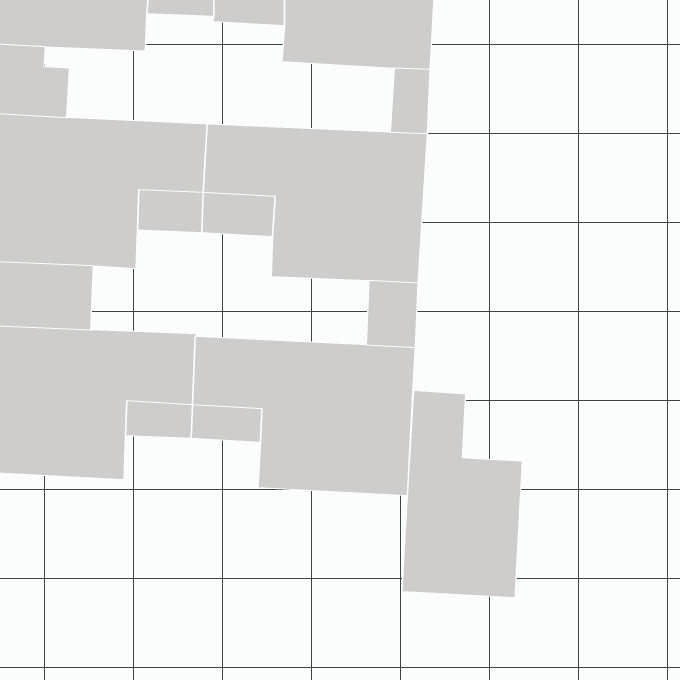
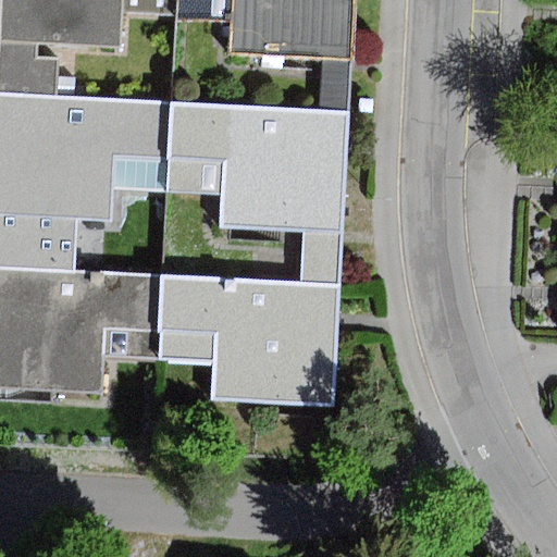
building: [402,390,522,598] -> none

